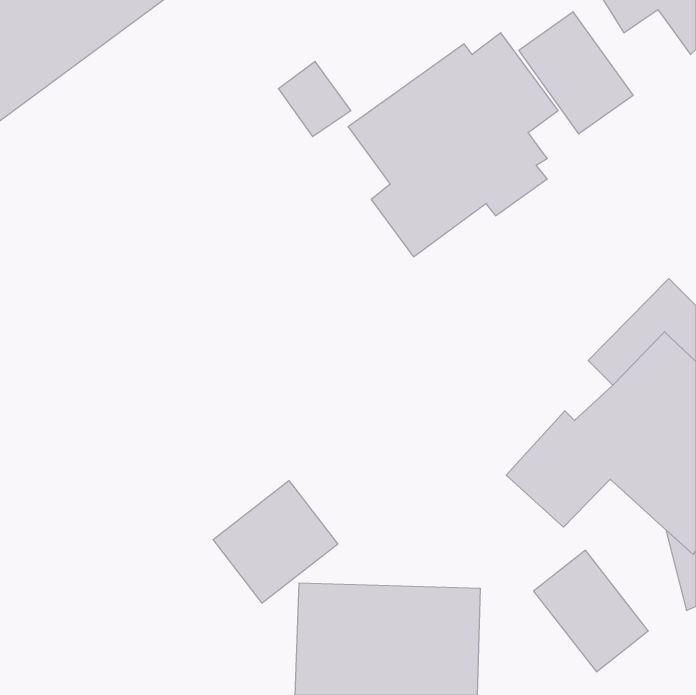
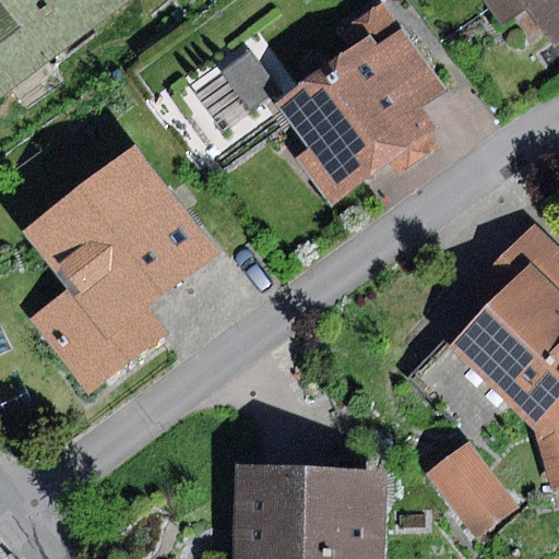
building: [519,12,633,134] -> none
building: none -> [24,148,215,394]
building: [213,481,338,603] -> none

